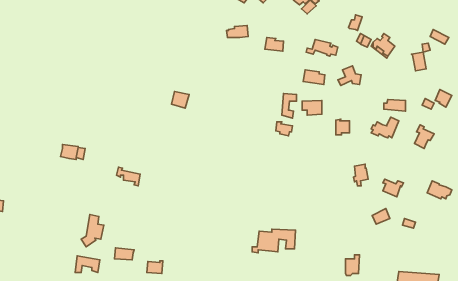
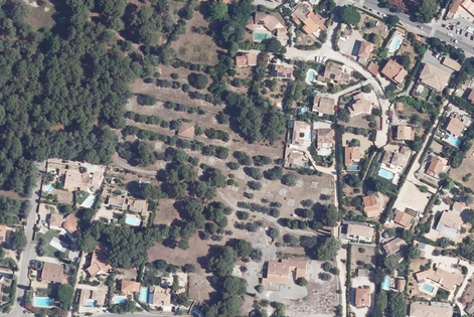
building: none -> [48,216,80,241]
building: none -> [42,264,63,286]
building: none -> [428,267,464,290]

